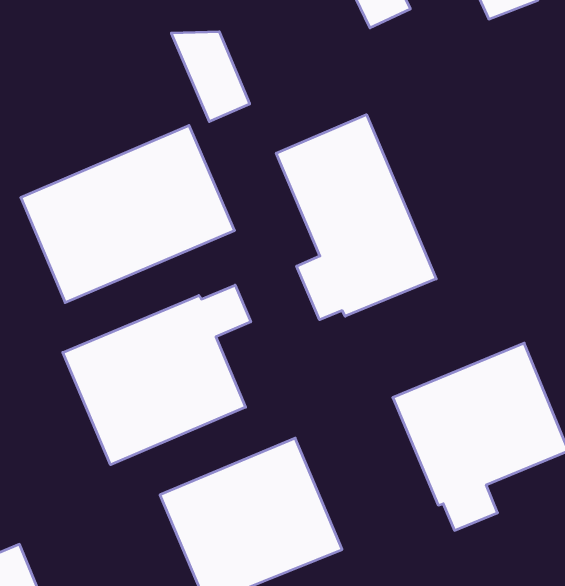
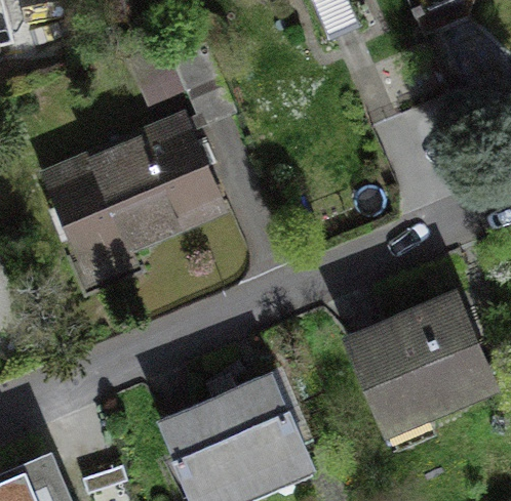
building: [276,115,436,320] -> none
building: [63,285,251,465] -> none

